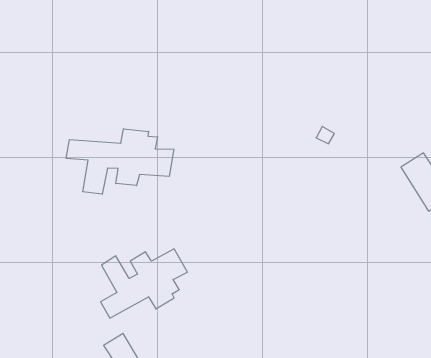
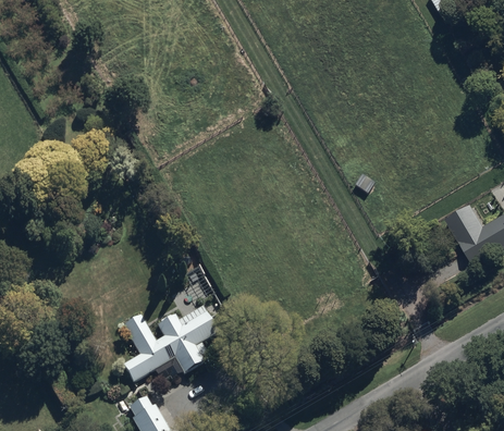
building: [66,129,174,194] -> none

